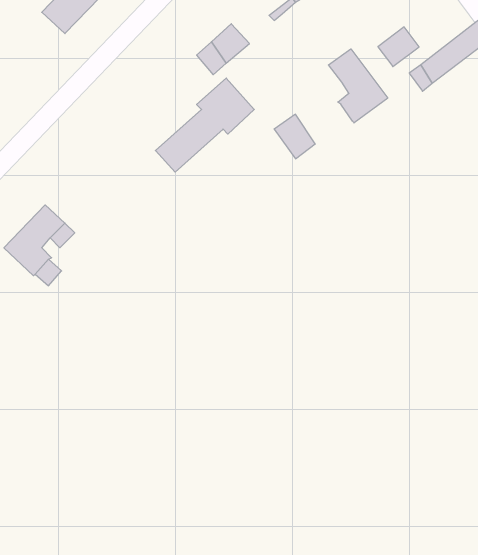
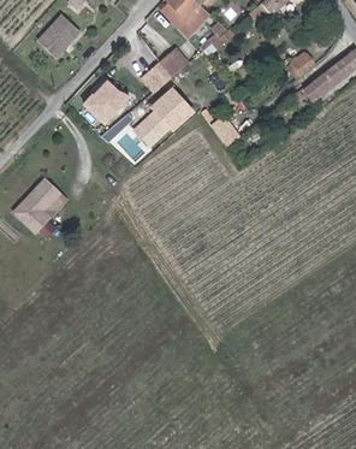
building: [328,49,388,123] -> none
building: none -> [77,81,124,120]

